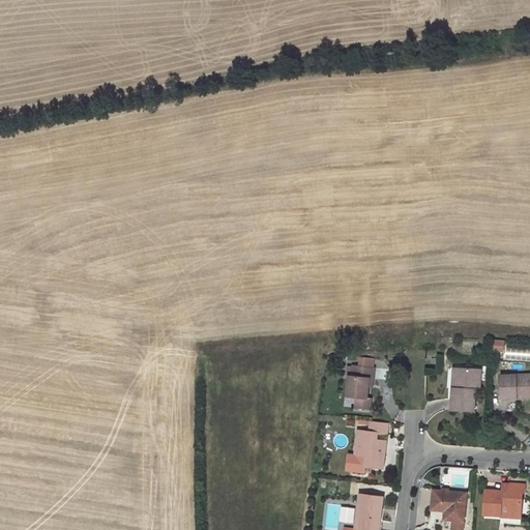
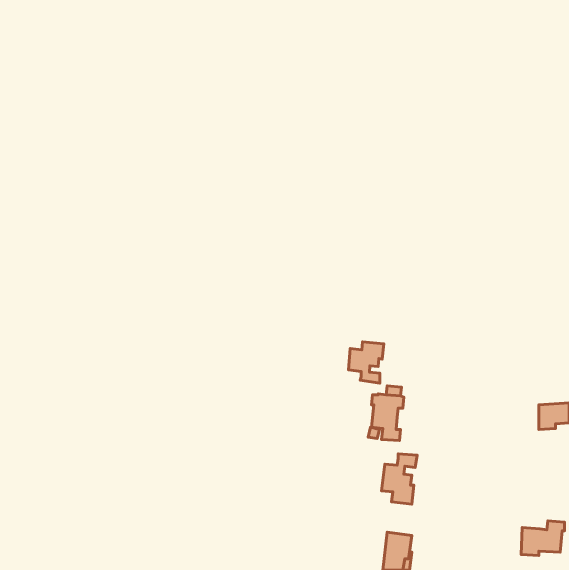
building: none -> [348,342,384,383]
building: [450,367,480,411] -> none
building: [431,490,466,521] -> none

